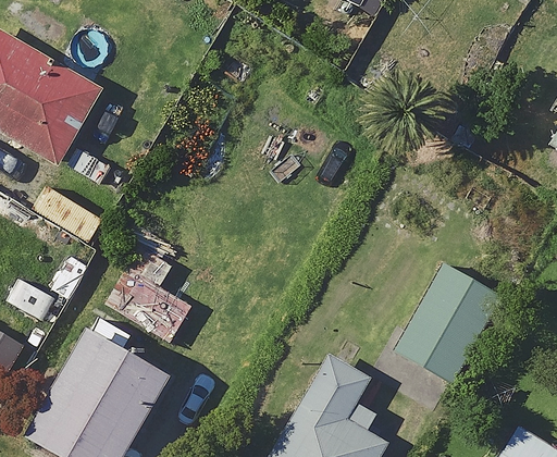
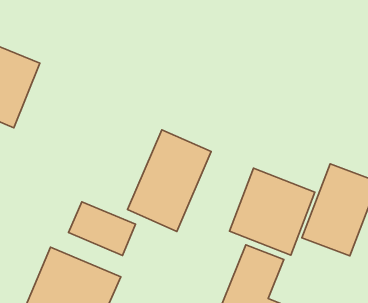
building: none -> [127,130,211,231]
building: none -> [230,168,315,255]

